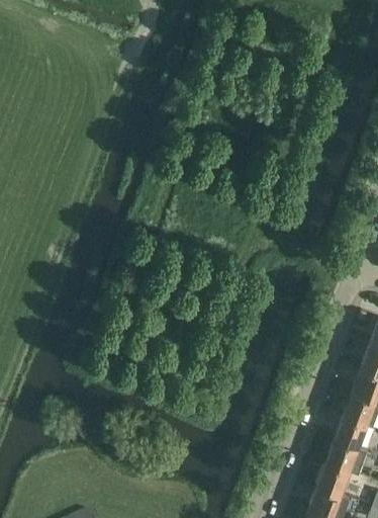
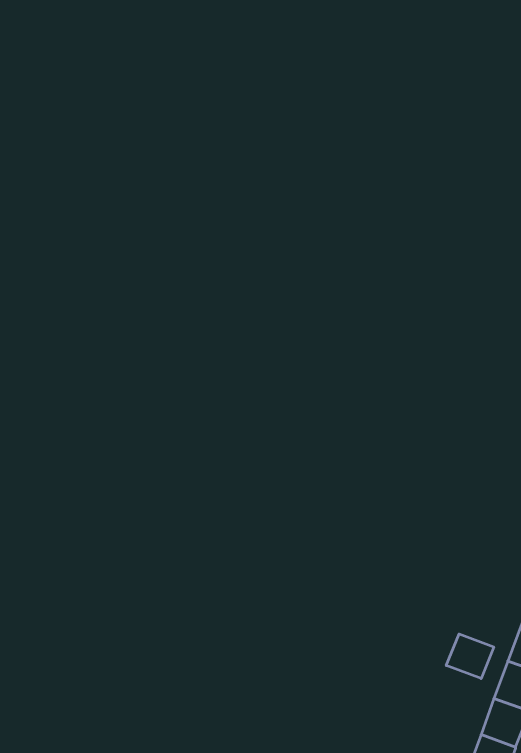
building: none -> [446,634,494,679]

